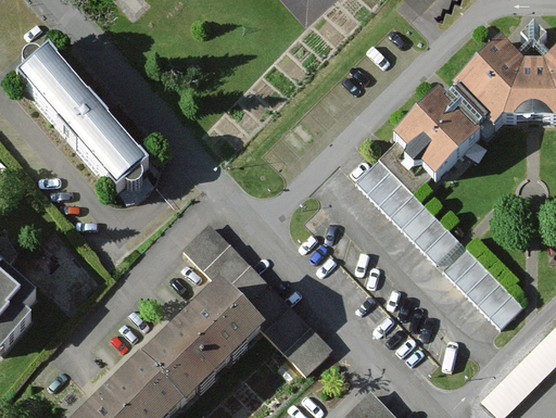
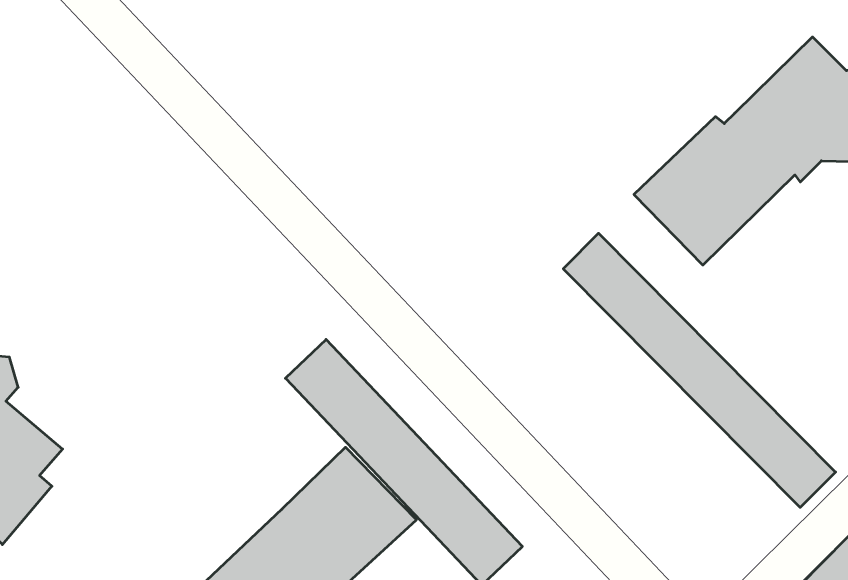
building: [21,48,154,191] -> none

